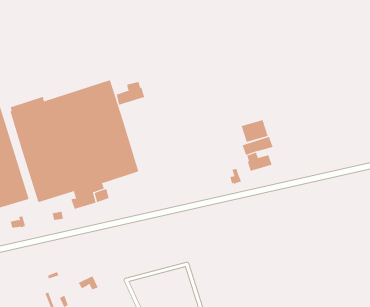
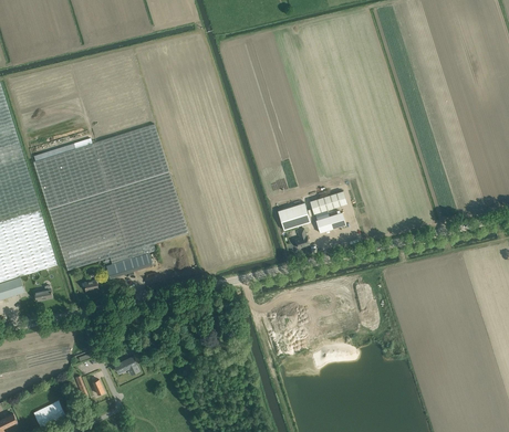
building: [116,81,145,105] -> none
building: [241,119,269,143] -> [277,202,310,230]

